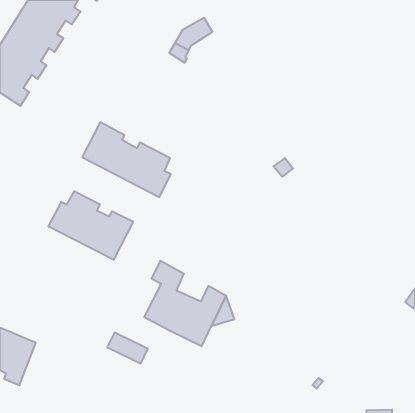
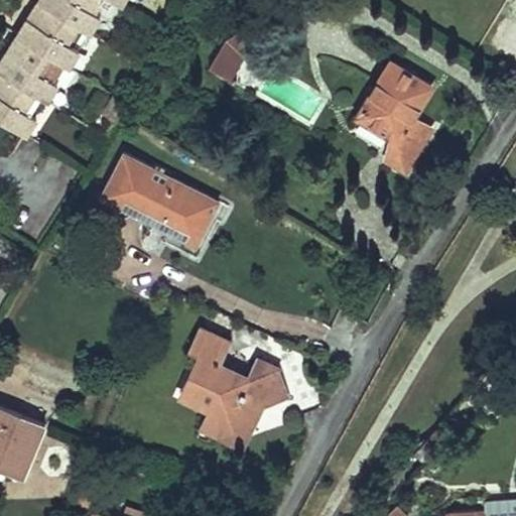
building: none -> [358,64,432,172]
building: [48,191,133,260] -> none
building: [107,333,148,364] -> [200,412,250,450]

